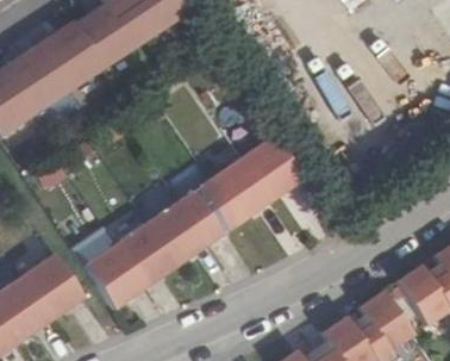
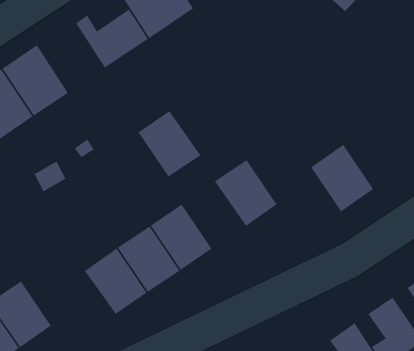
building: [40,24,106,92] -> none
building: [244,133,306,200] -> [310,144,374,213]
building: [181,178,243,243] -> [138,110,201,177]
building: [25,253,87,318] -> none

